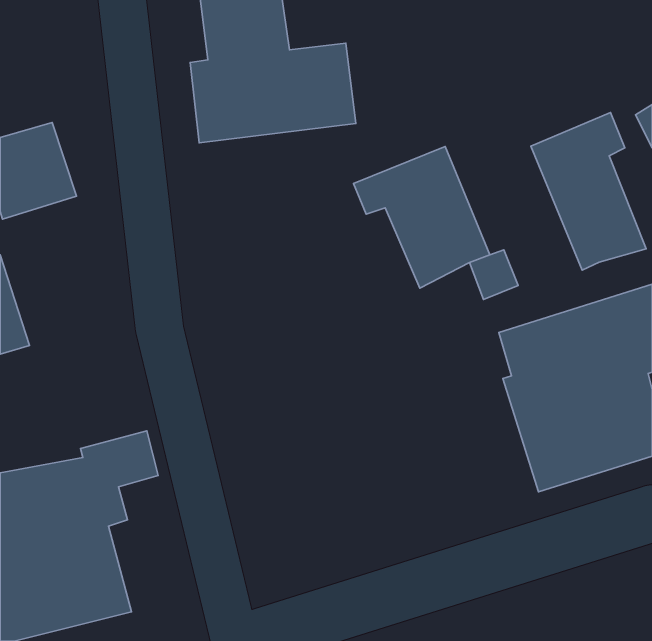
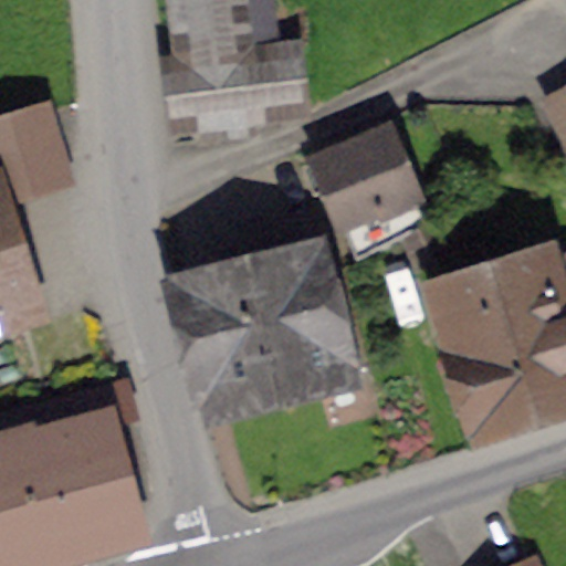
building: [531,113,646,270] -> none
building: none -> [182,244,361,392]

